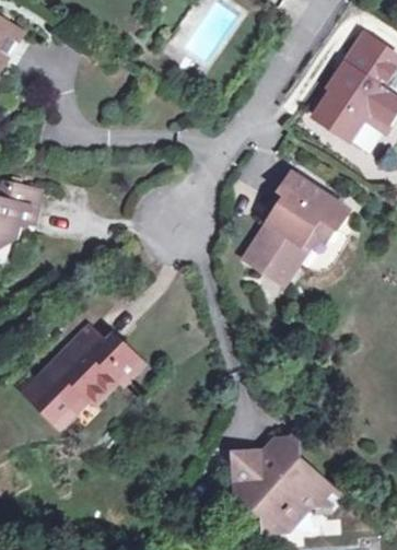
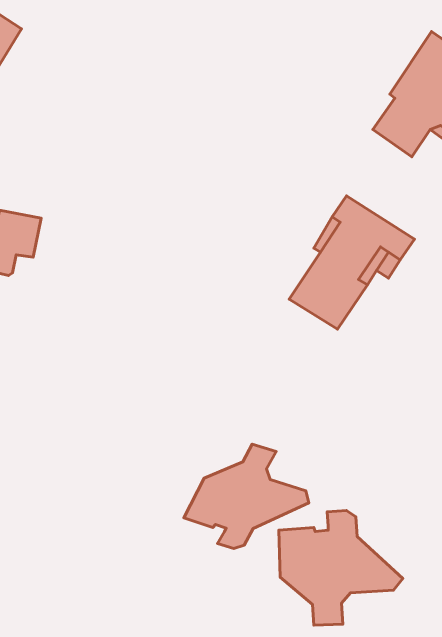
building: [25,327,142,426] -> none
building: none -> [184,444,309,549]

